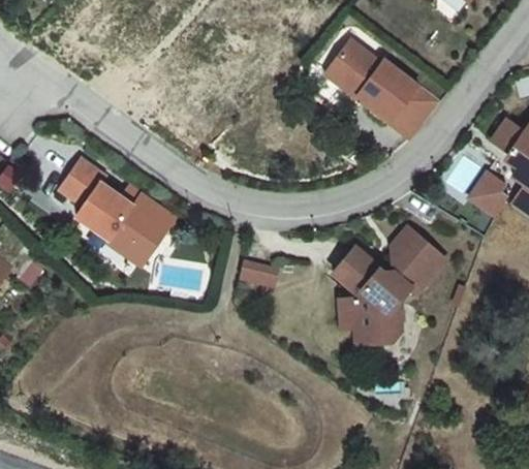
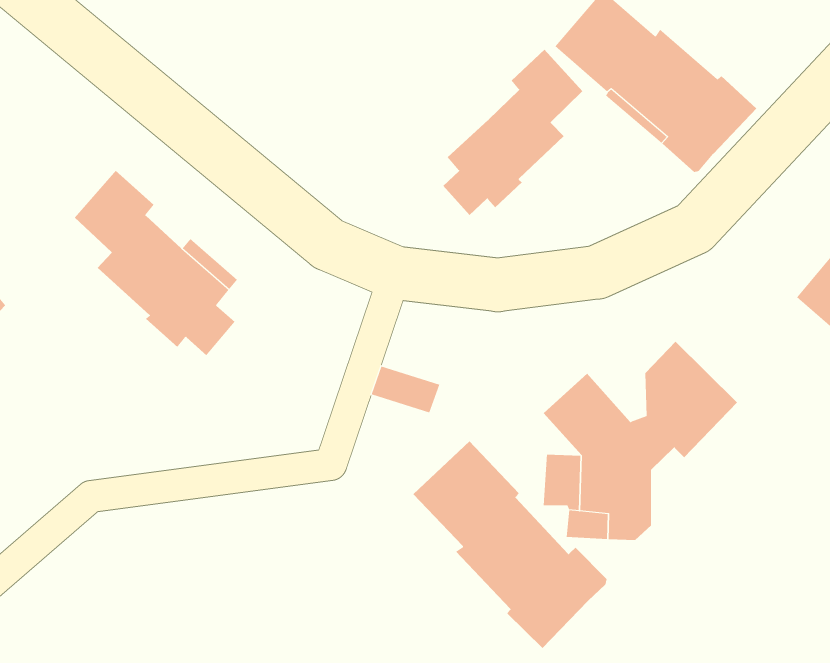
building: none -> [442,49,583,216]
building: none -> [412,441,607,649]

